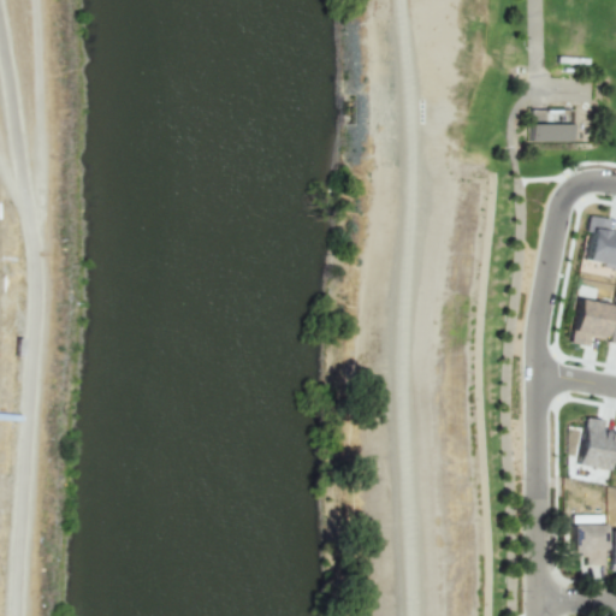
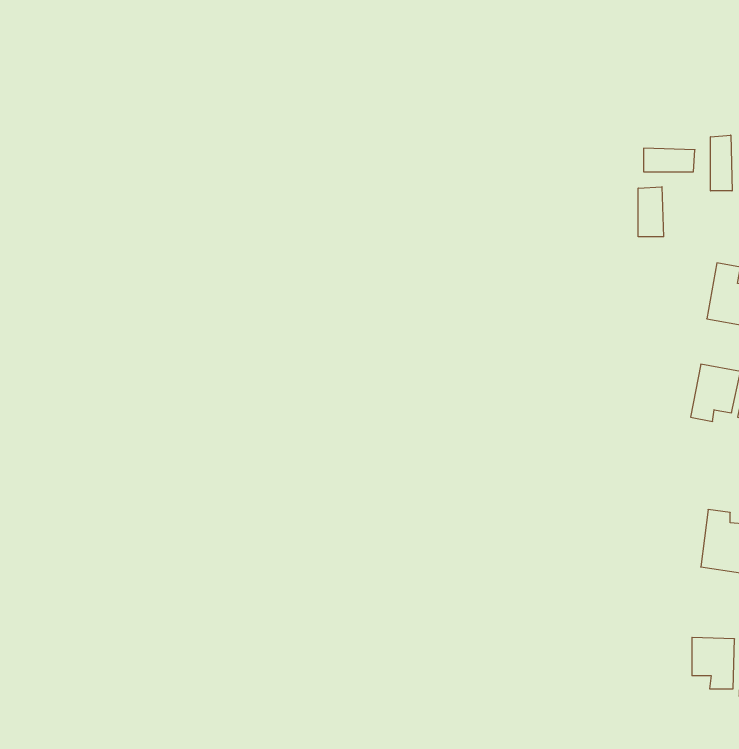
building: none -> [711,135,732,191]
building: none -> [638,187,664,237]

